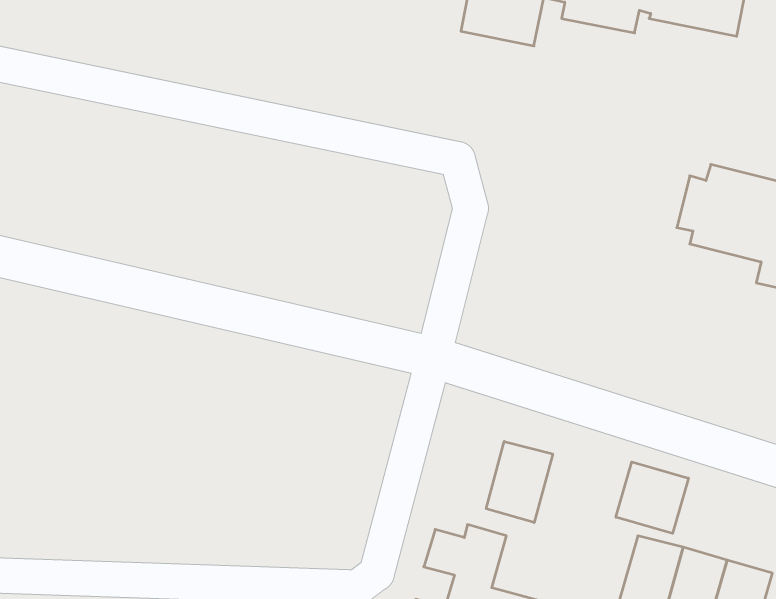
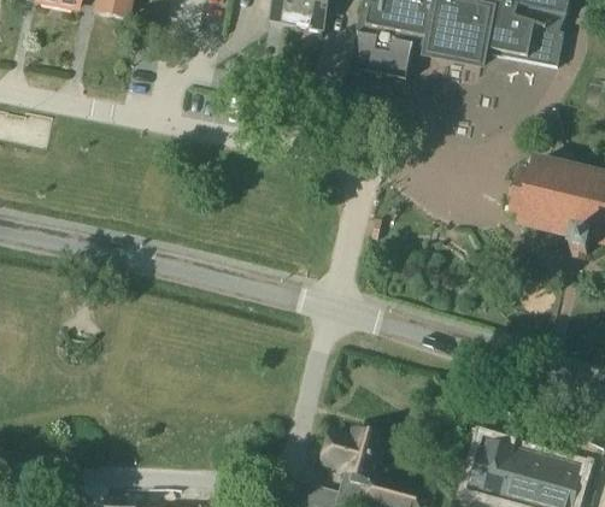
building: [486,441,553,523] -> none
building: [616,462,688,533] -> none

